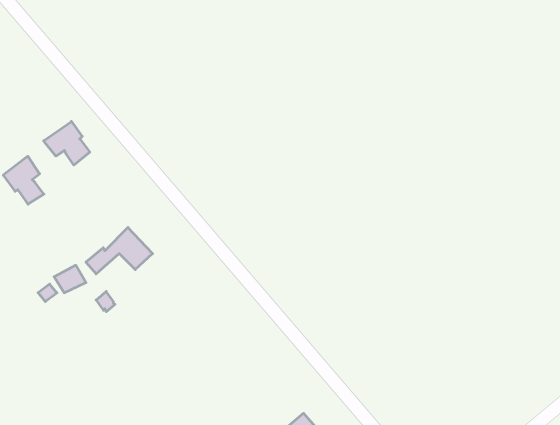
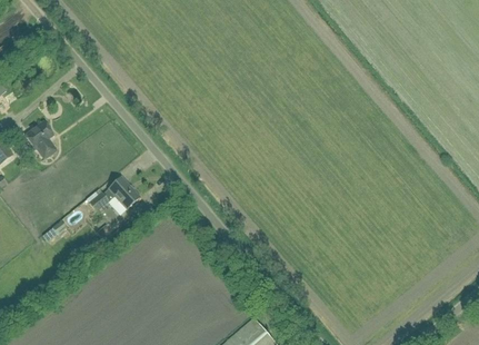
building: [44,121,90,165] -> none

